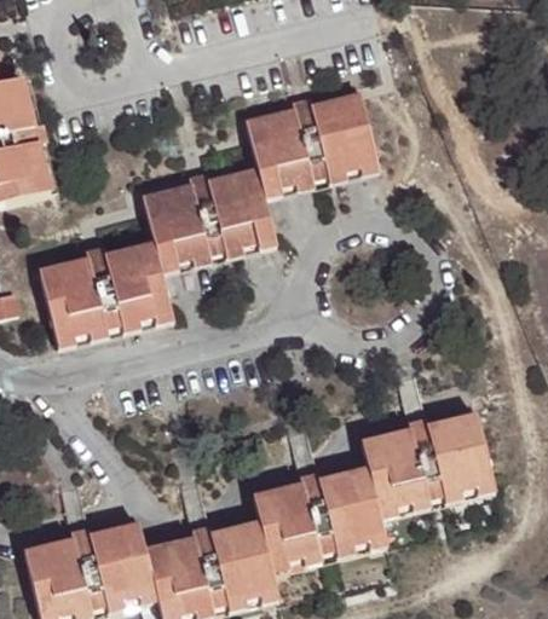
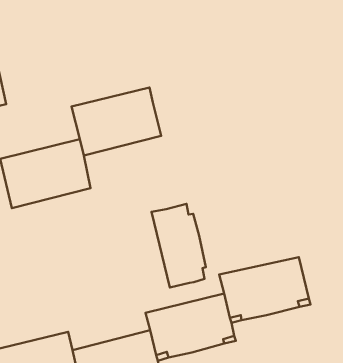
building: [246,94,375,190] -> none
building: none -> [152,204,206,288]

